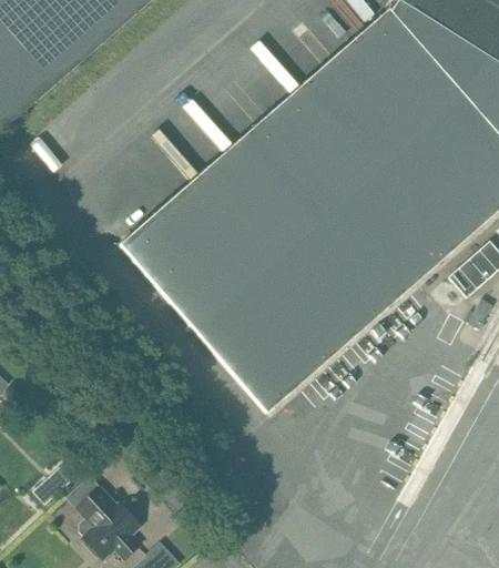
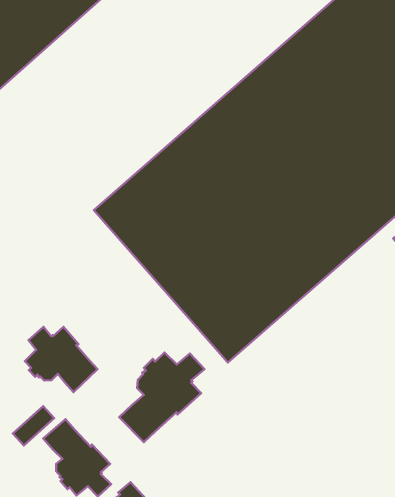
building: none -> [25,327,98,392]
building: none -> [119,353,204,442]

